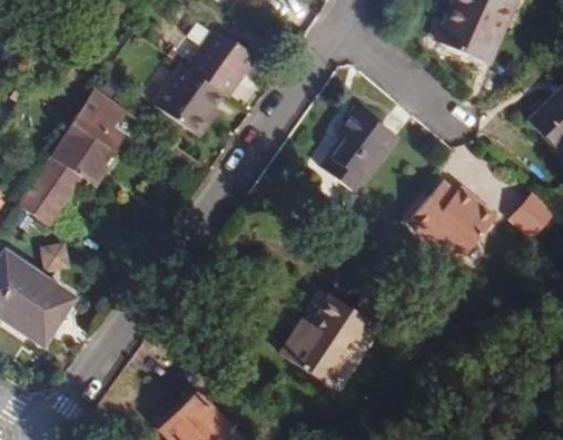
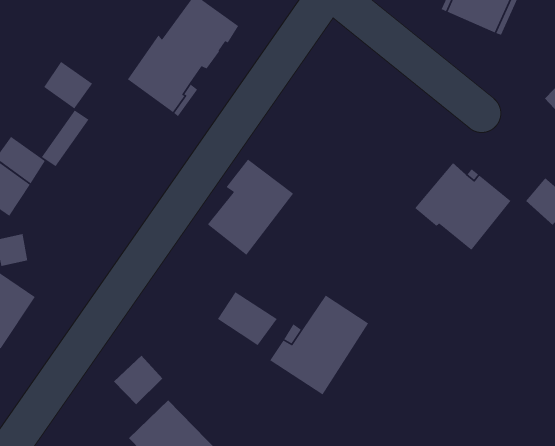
building: [318,106,396,193] -> [207,158,294,256]
building: [51,110,108,173] -> none
building: none -> [217,291,278,346]
building: none -> [113,355,163,405]

